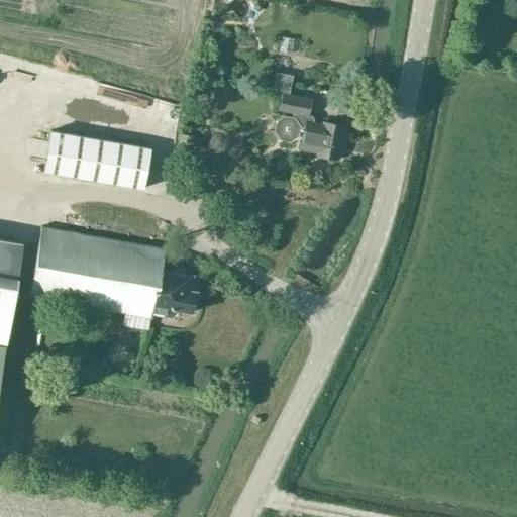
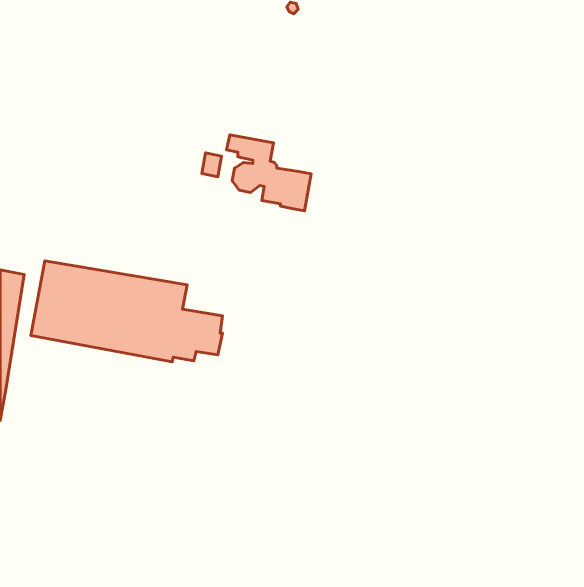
building: [271,92,345,159] -> [226,135,311,211]
building: [45,131,151,189] -> none

